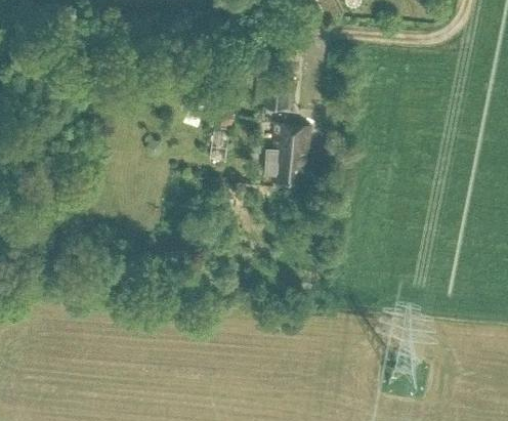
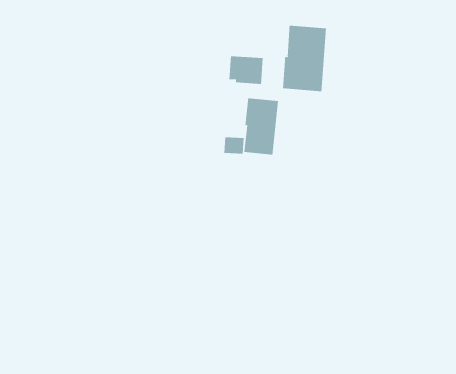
building: none -> [282,25,326,92]

